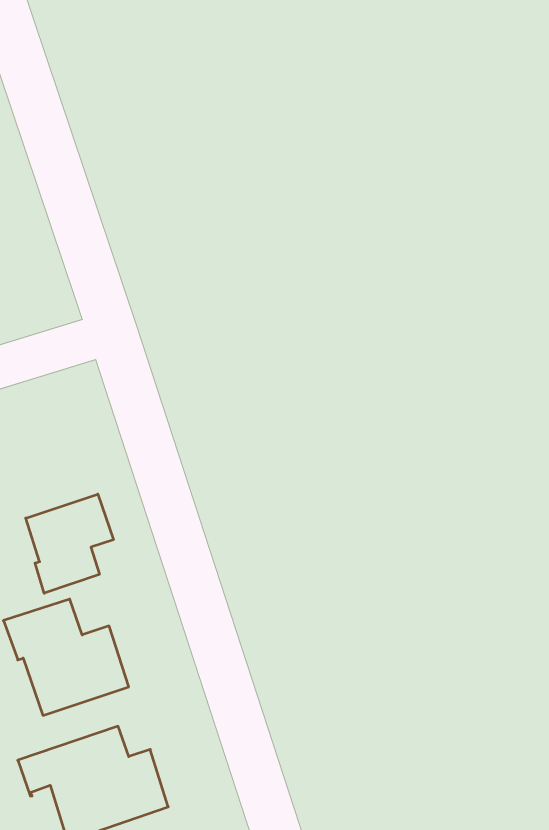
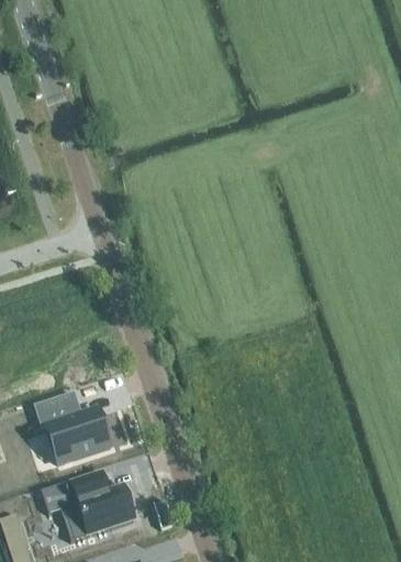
building: [26,494,113,593] -> none

